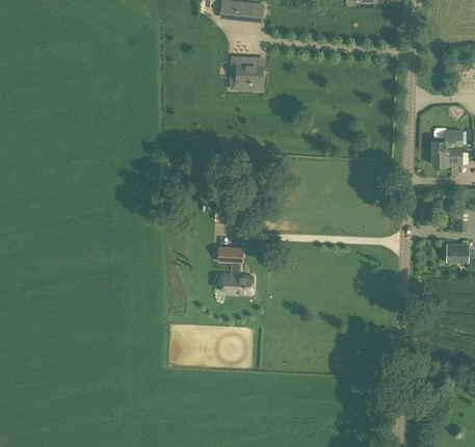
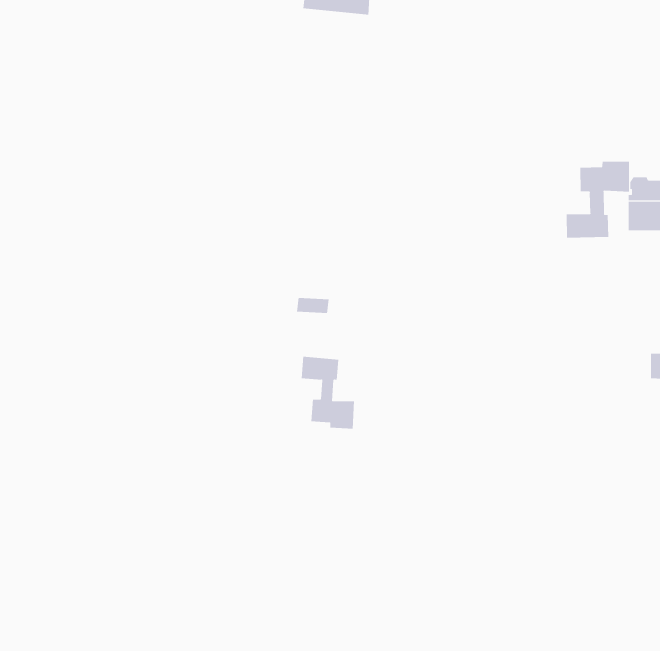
building: [235,57,264,91] -> none
building: none -> [566,161,630,239]

